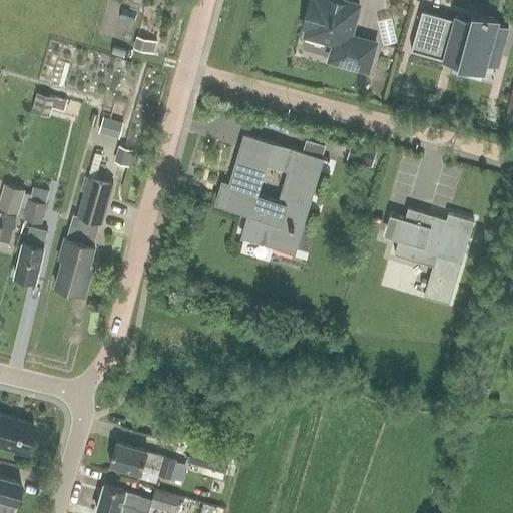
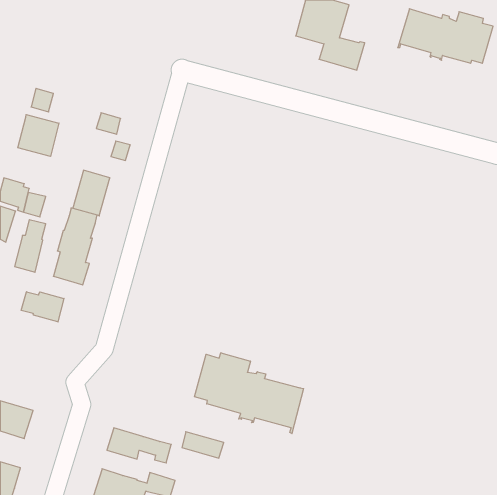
building: none -> [18,115,59,156]
building: [227,137,322,252] -> none
building: [384,209,474,305] -> none
building: none -> [21,292,64,322]
building: none -> [195,353,304,434]

